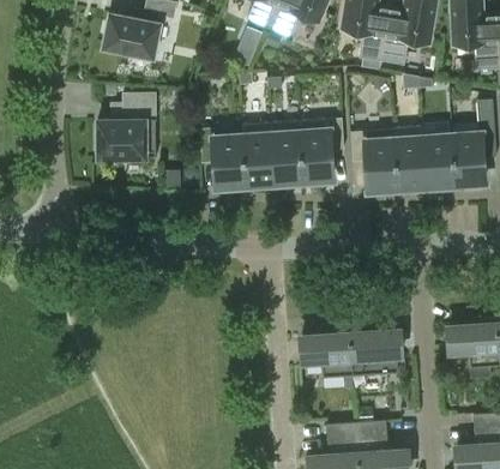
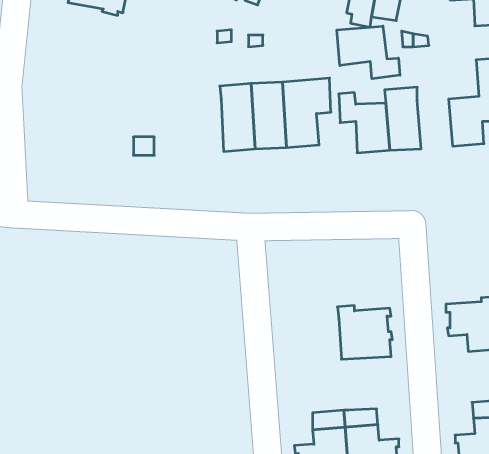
building: none -> [337,26,400,79]
building: [97,95,155,160] -> none
building: [199,130,245,188] -> none
building: [422,138,454,184] -> none
building: [301,329,353,379] -> none

